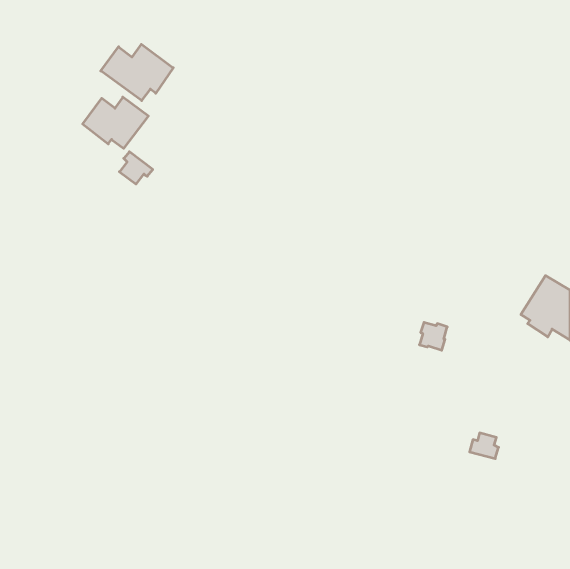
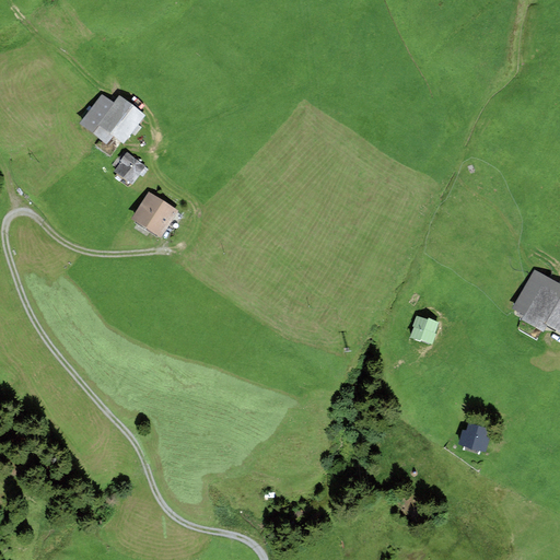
building: [101,44,173,101] -> none
building: none -> [138,195,183,231]

